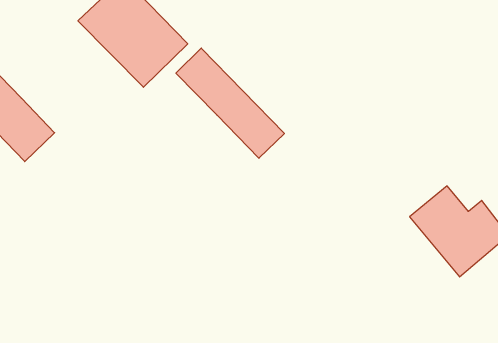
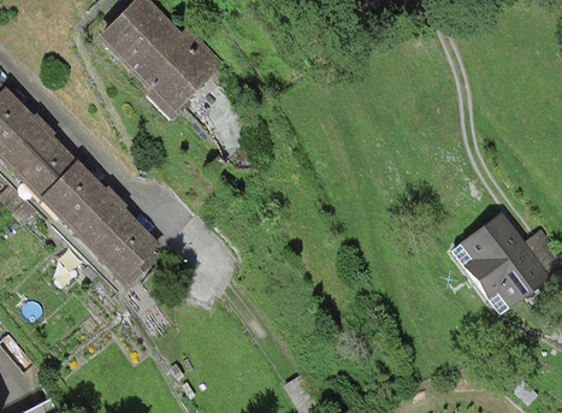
building: [176,48,284,158] -> none
building: none -> [39,159,152,272]

